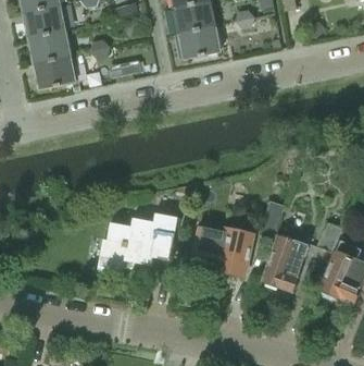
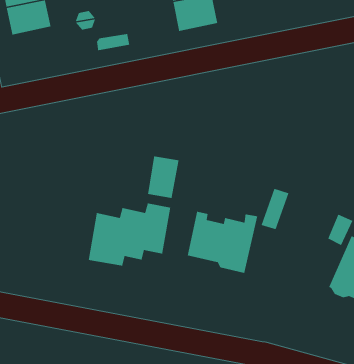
building: [33,53,77,89] -> none
building: none -> [147,155,179,199]
building: [262,232,309,286] -> none

